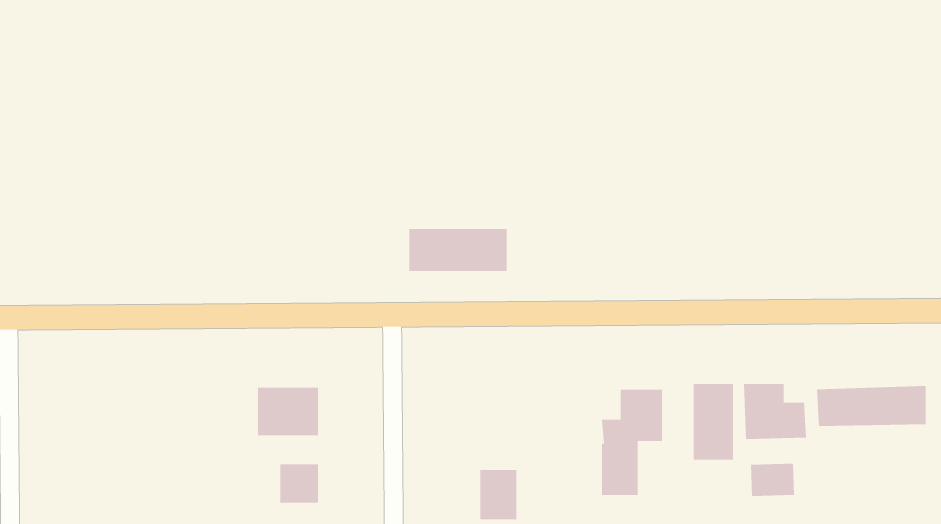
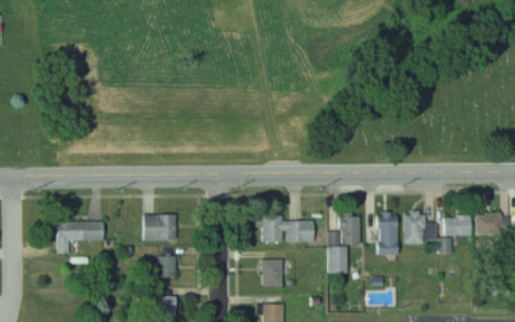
building: [409,228,508,271] -> [261,219,314,243]
building: none -> [54,221,104,254]
building: [750,463,794,497] -> none

